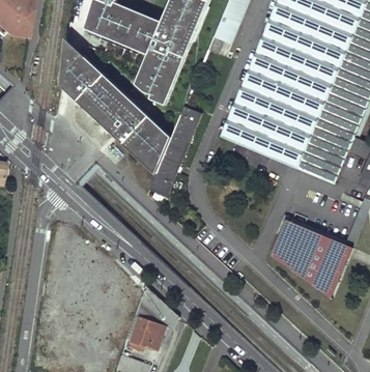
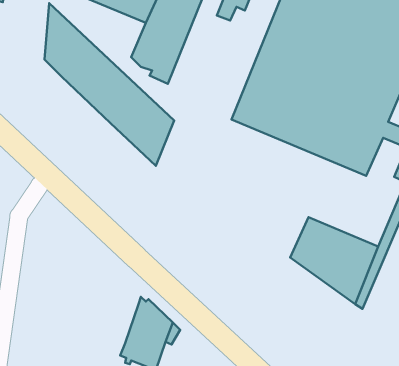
building: [150,107,200,196] -> none

